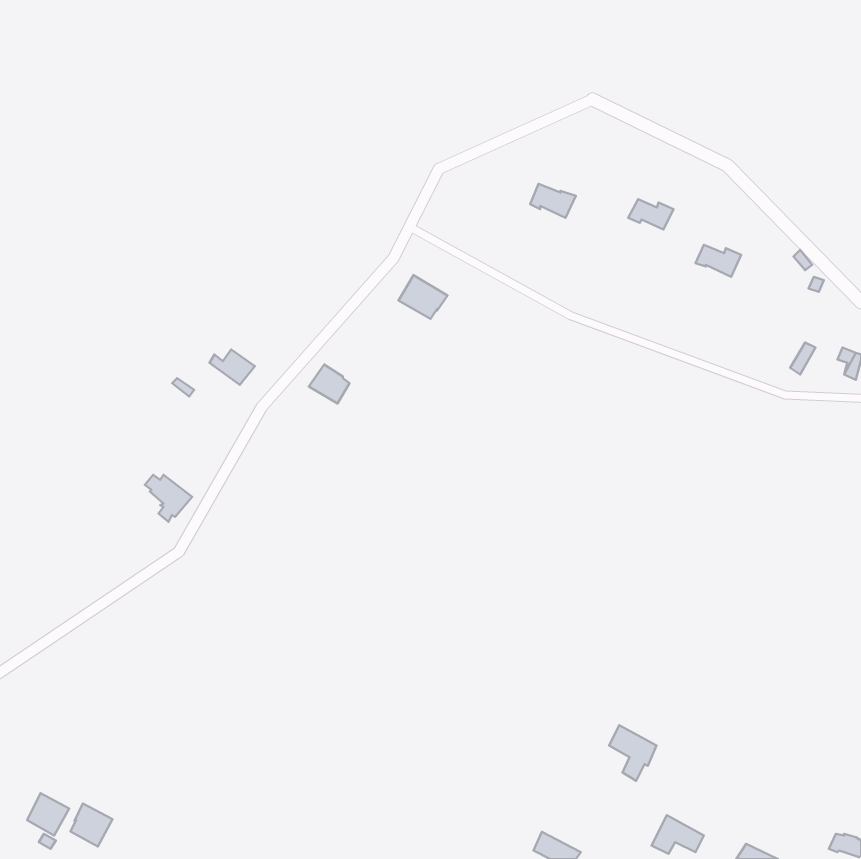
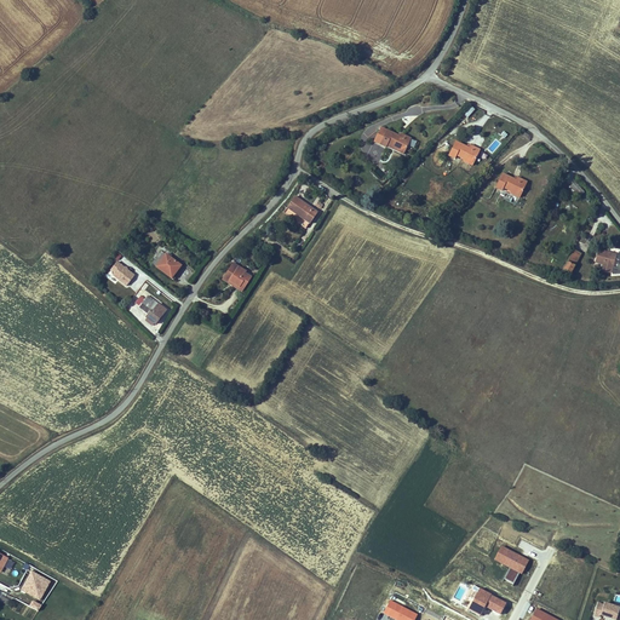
building: [145,475,192,522] -> [133,292,167,326]
building: [609,725,656,781] -> [493,542,527,582]
building: [70,804,112,847] -> none

